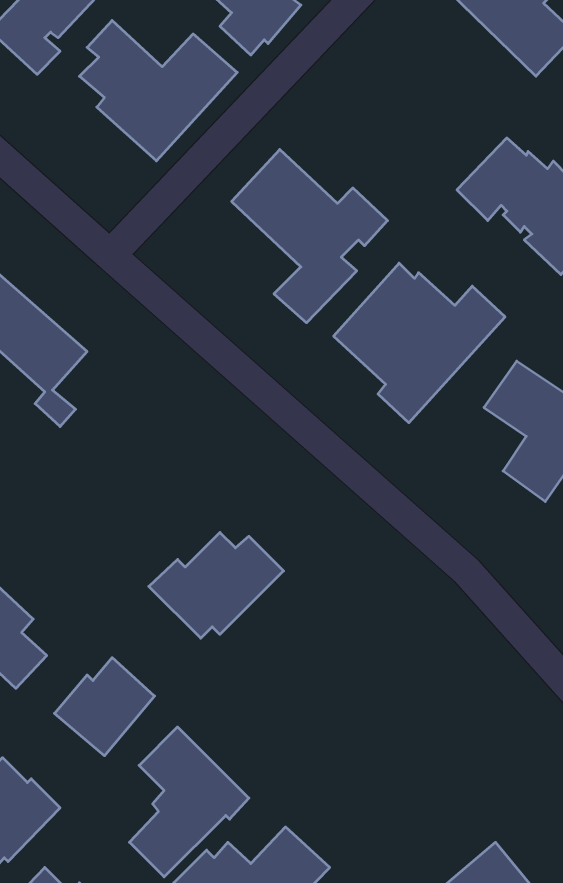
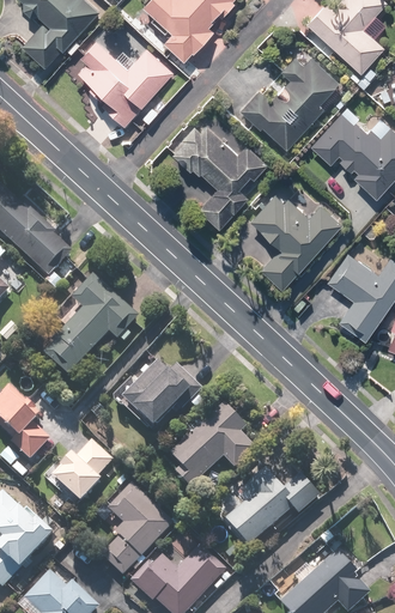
building: none -> [238,57,335,153]
building: none -> [47,273,141,374]
building: none -> [171,400,260,486]
building: none -> [221,469,315,548]

